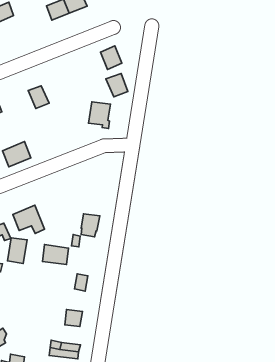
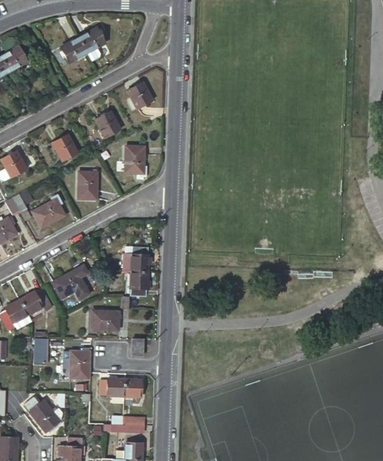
building: [106,73,128,97] -> [94,111,120,138]
building: none -> [77,172,96,200]
building: none -> [121,246,148,271]
building: [7,238,27,264] -> [69,350,88,377]
building: none -> [100,378,124,396]

